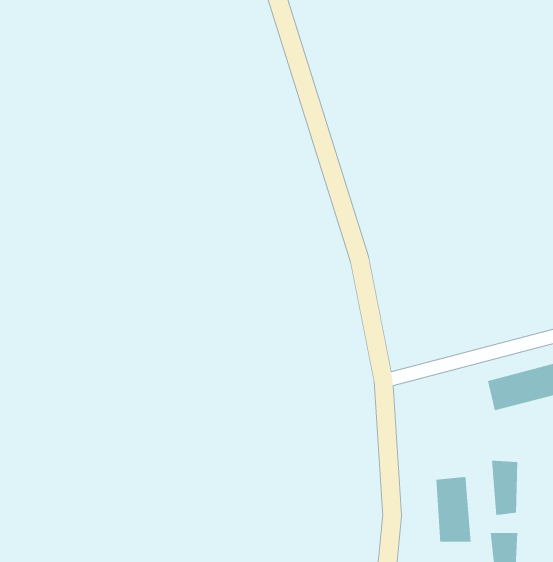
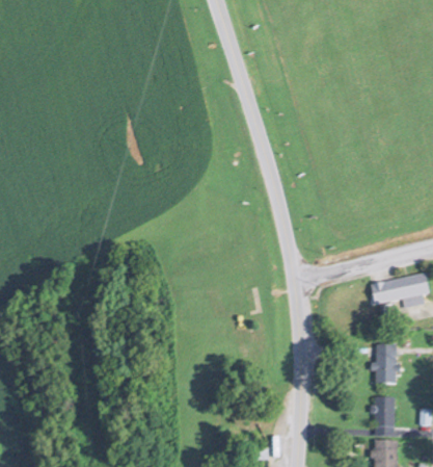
building: [436,476,471,543] -> none

